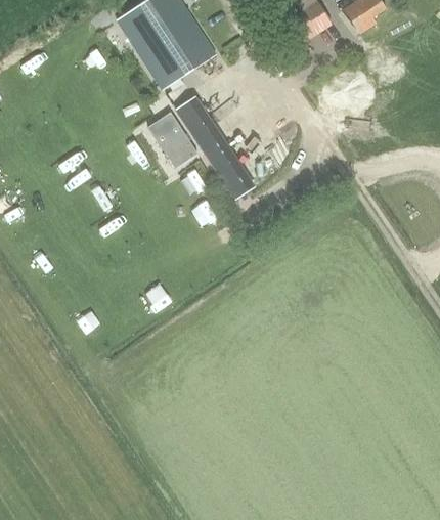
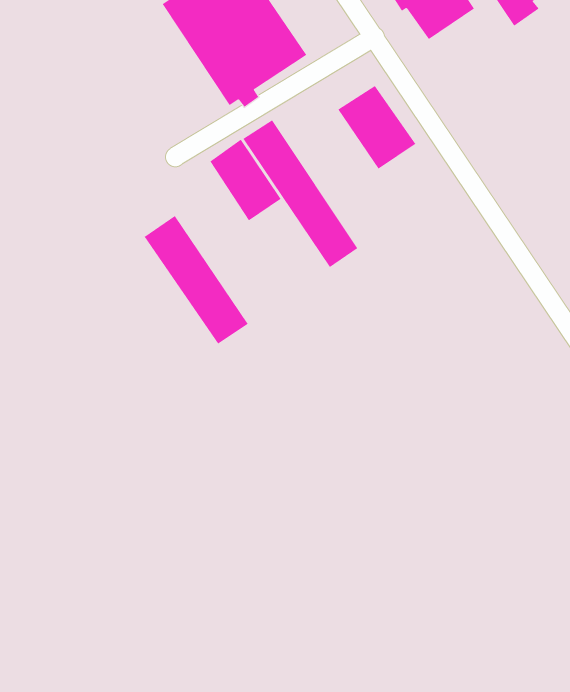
building: none -> [338,85,416,170]
building: none -> [144,215,248,344]

